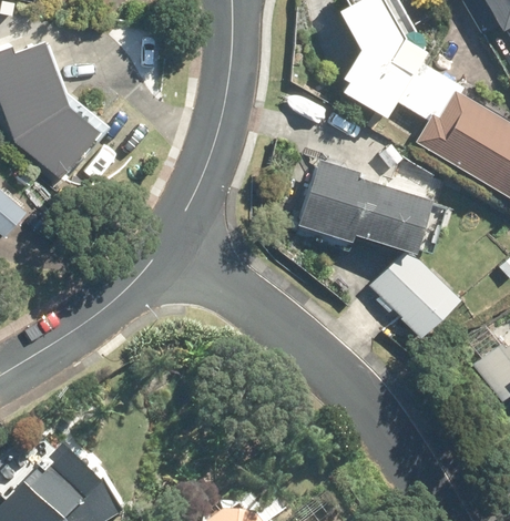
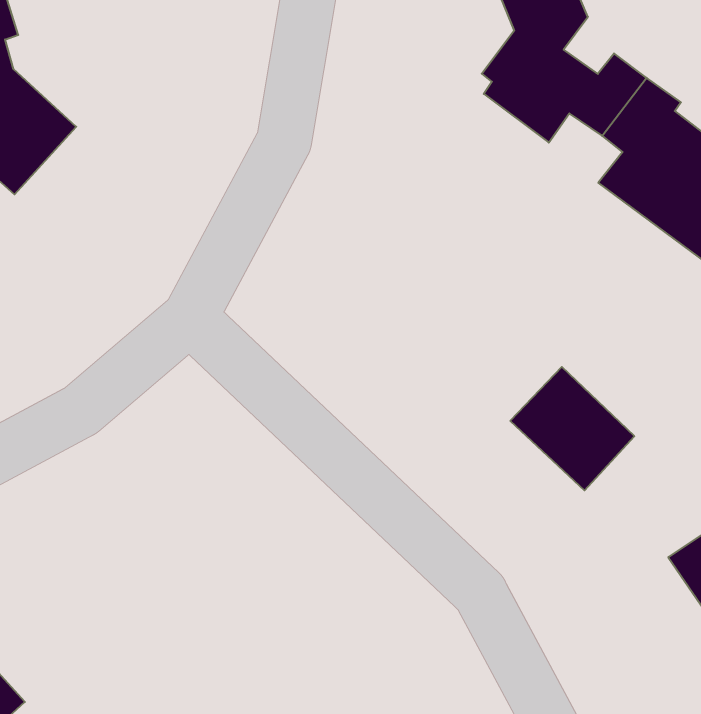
building: [302,160,432,254] -> none

